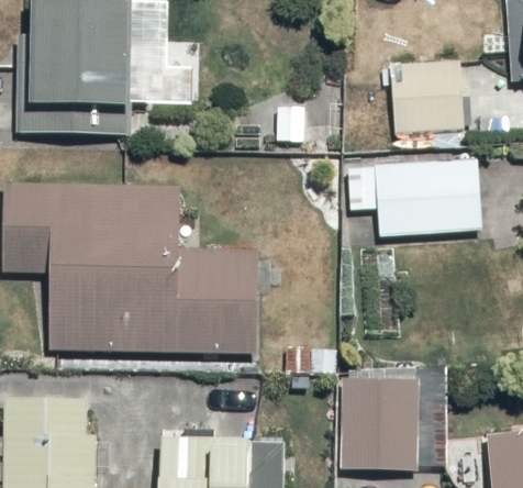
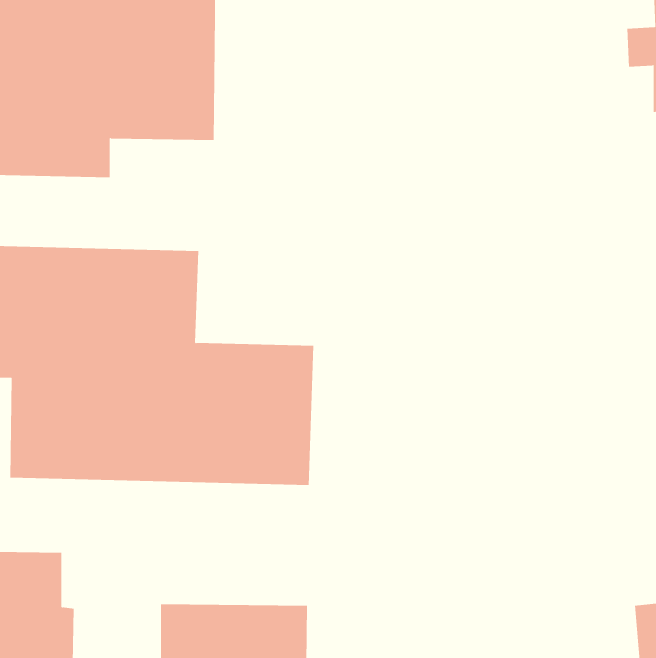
building: [391,59,461,144] -> none
building: [347,153,487,240] -> none
building: [338,374,419,467] -> none

